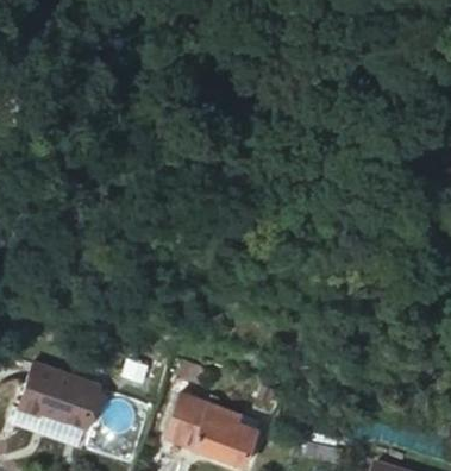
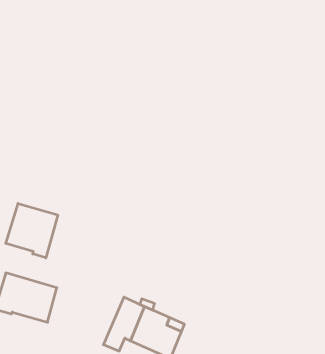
building: none -> [6,203,58,258]

